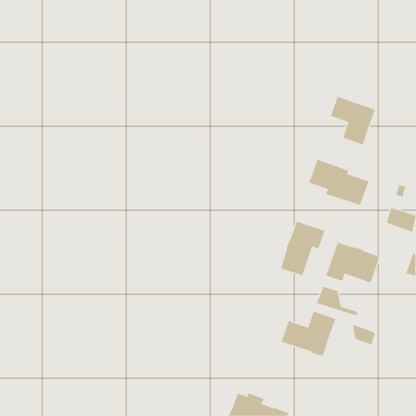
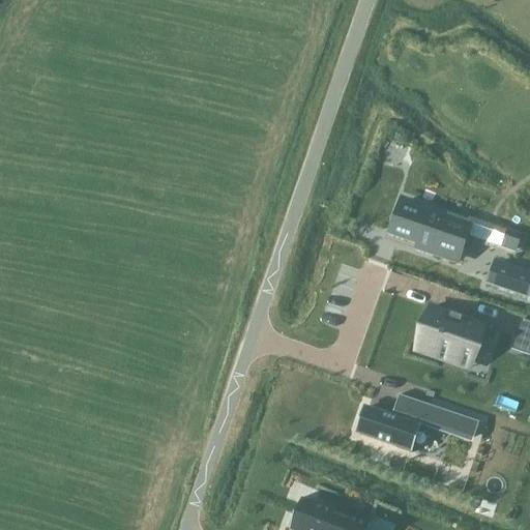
building: [330,96,376,145] -> none
building: [280,221,325,276] -> none
building: [316,286,359,316] -> [419,405,473,443]

